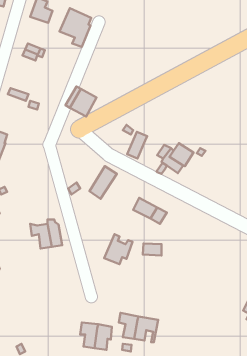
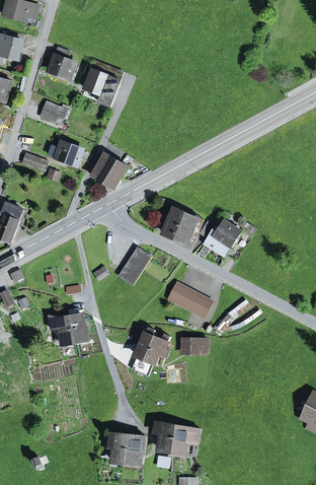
building: none -> [55,141,85,164]
building: none -> [175,211,203,243]

